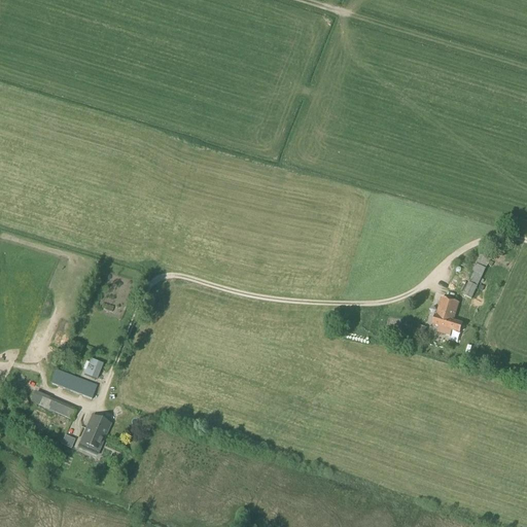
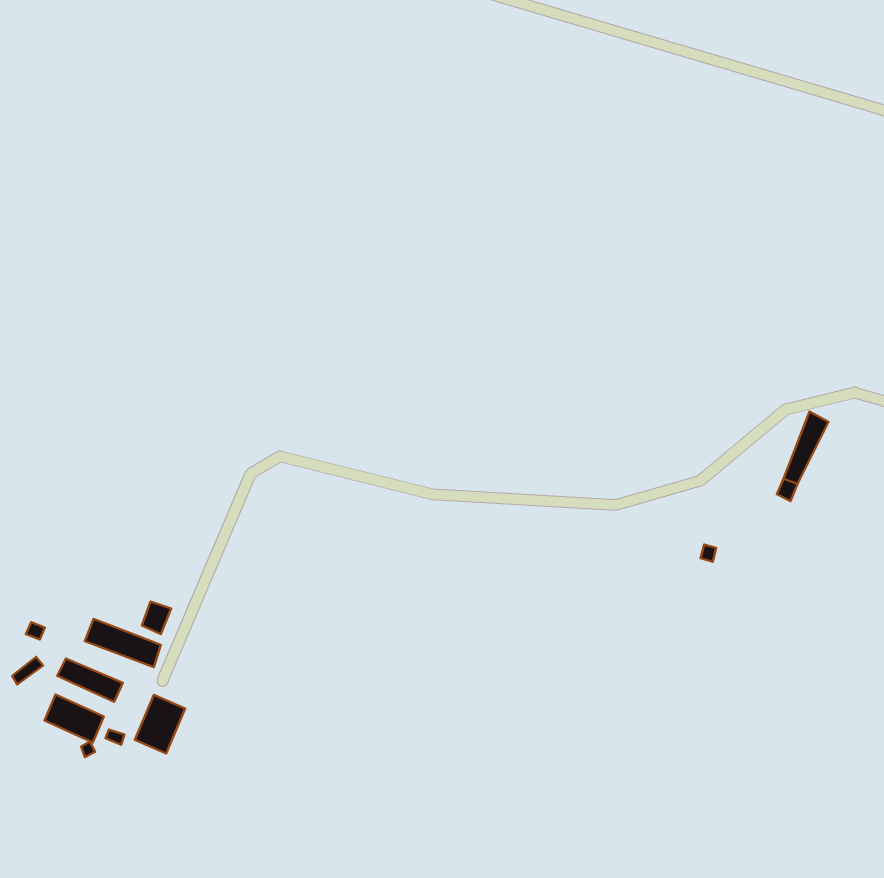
building: [432,296,461,330] -> none
building: none -> [44,694,104,743]

